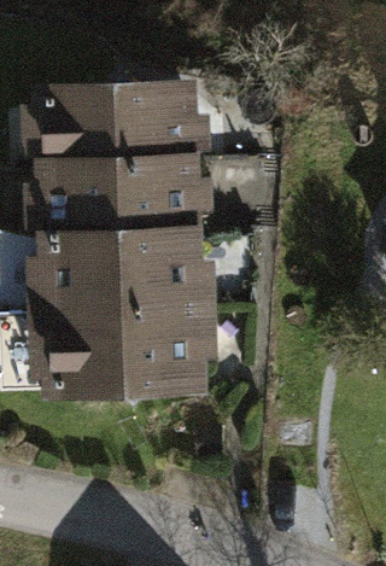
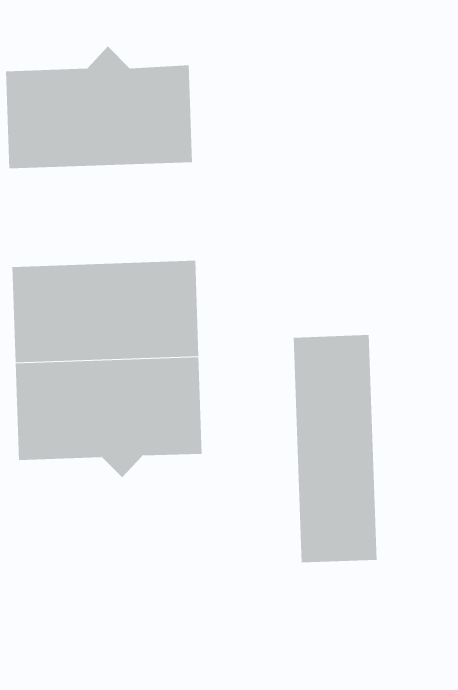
building: [46,165,211,244] -> none
building: none -> [293,334,377,563]

